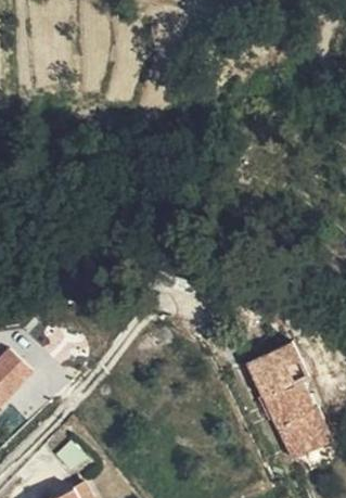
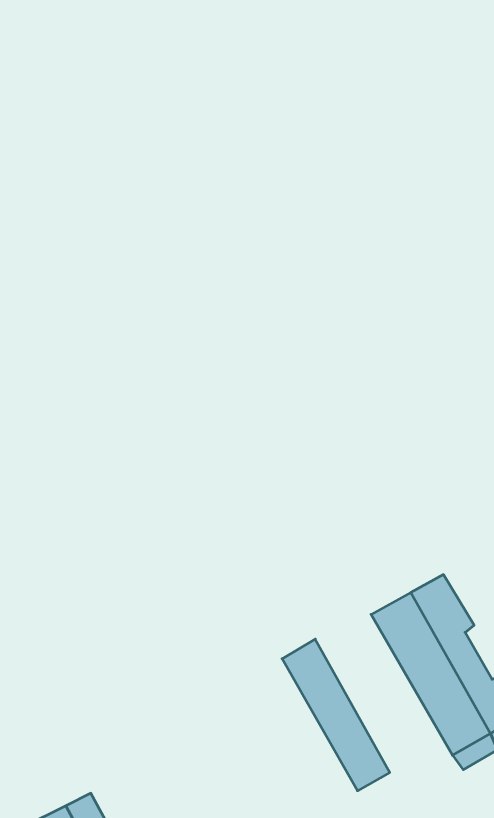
building: none -> [282,639,390,791]

